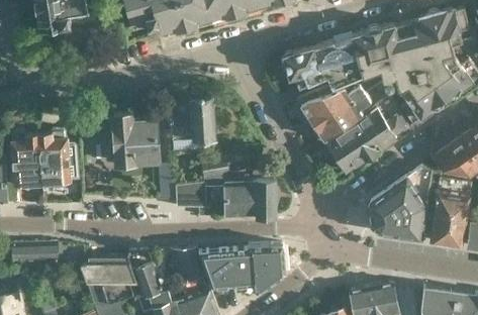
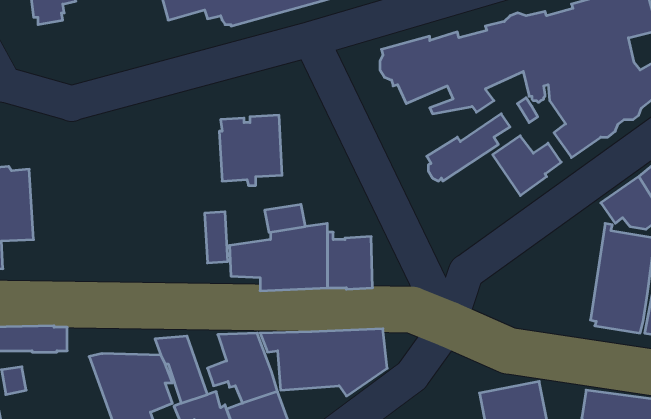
building: [300,87,364,125] -> none
building: [106,114,158,164] -> none
building: [320,124,378,176] -> none
building: [37,129,78,183] -> none
building: [367,167,436,240] -> none

